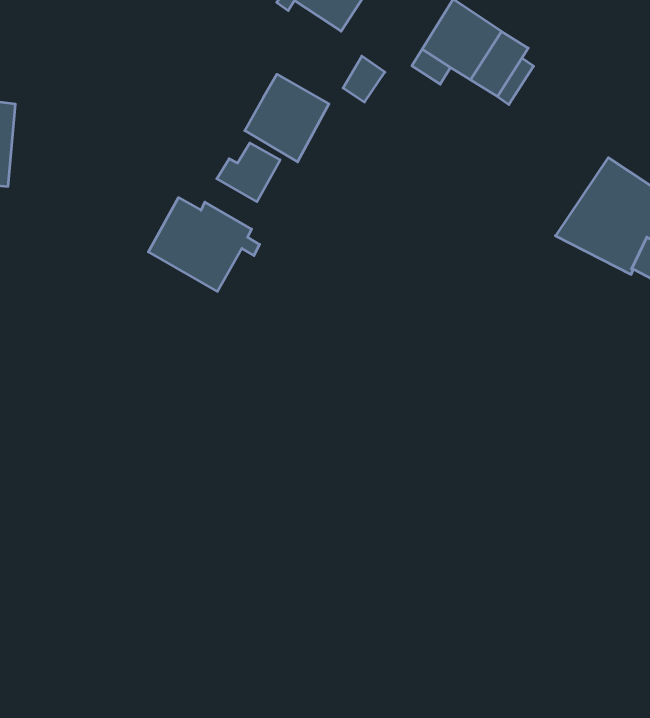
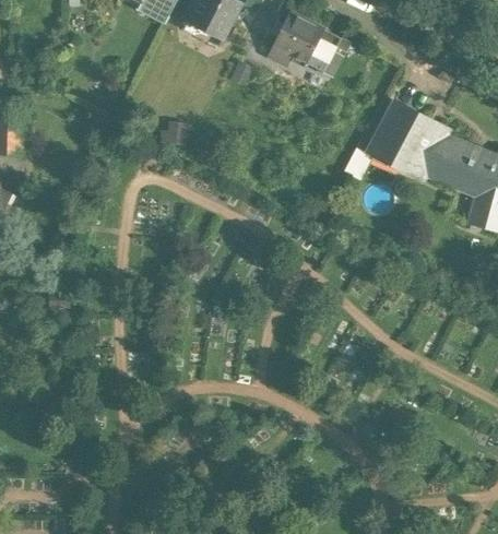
building: [245,74,329,162] -> none
building: [148,198,260,291] -> none

